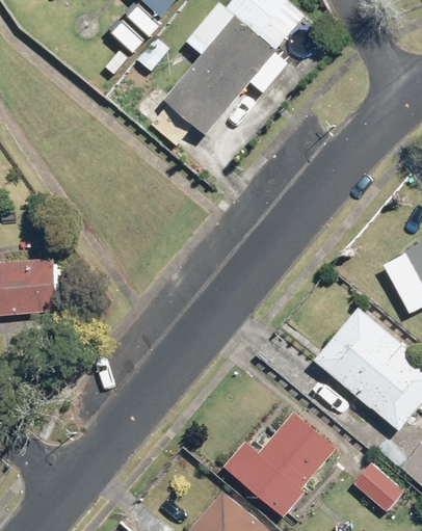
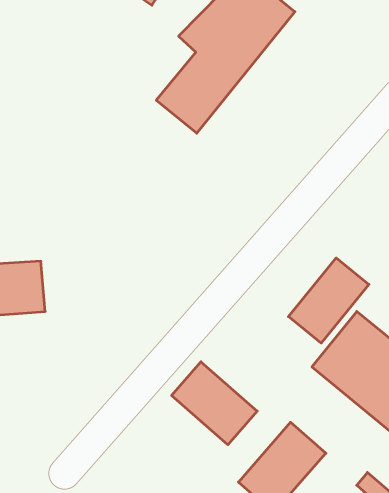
building: none -> [288,258,369,343]
building: none -> [172,362,257,445]

